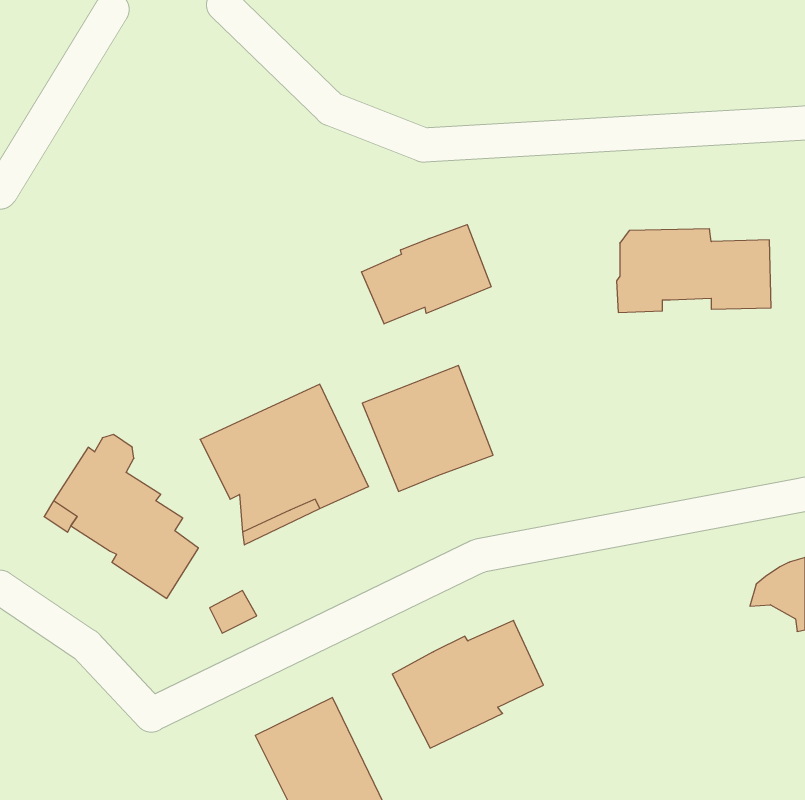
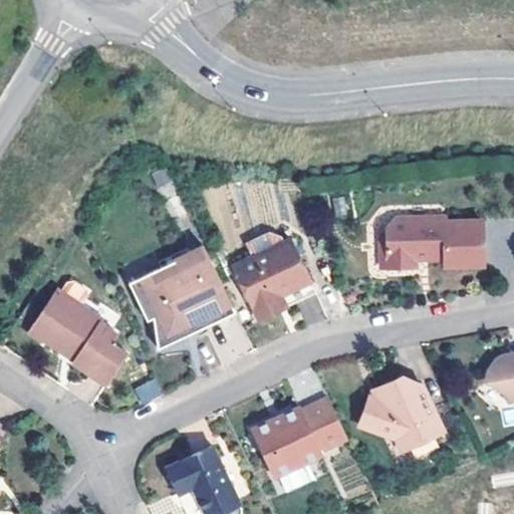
building: [362,225,491,324] -> none
building: [617,229,771,312] -> [389,215,487,268]
building: none -> [353,378,439,447]

